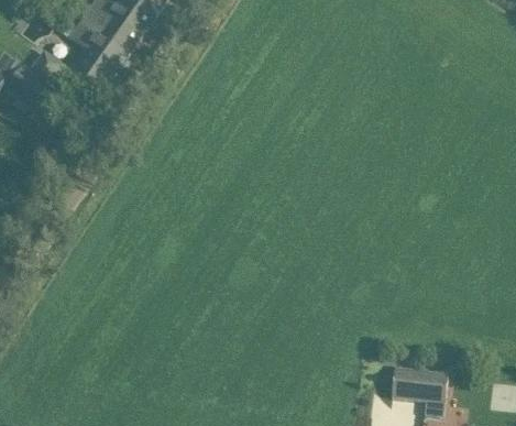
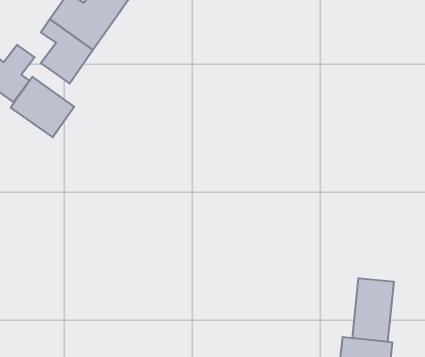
building: none -> [11,77,74,137]
building: none -> [352,278,394,342]

